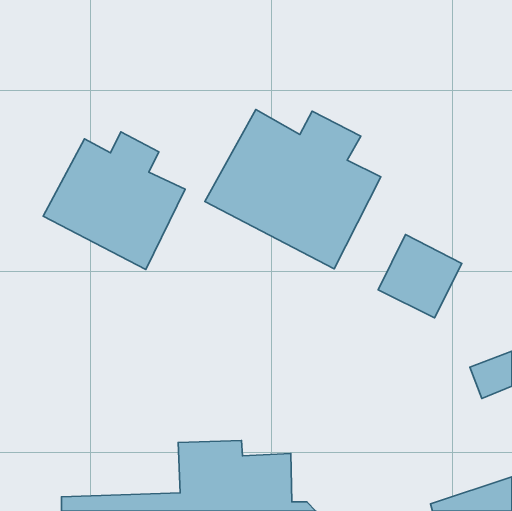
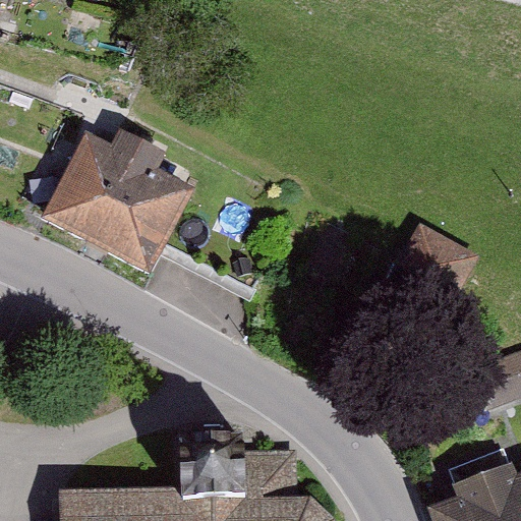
building: [205,110,381,269] -> none

